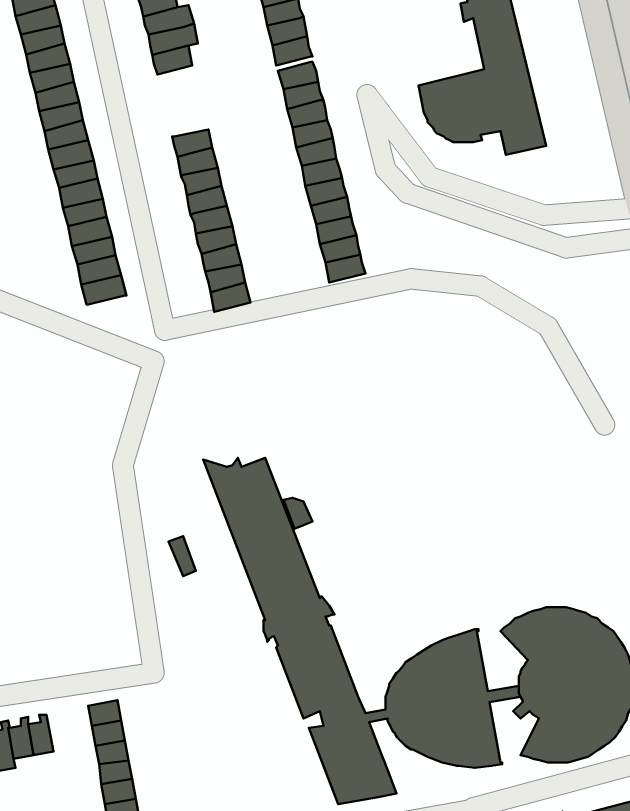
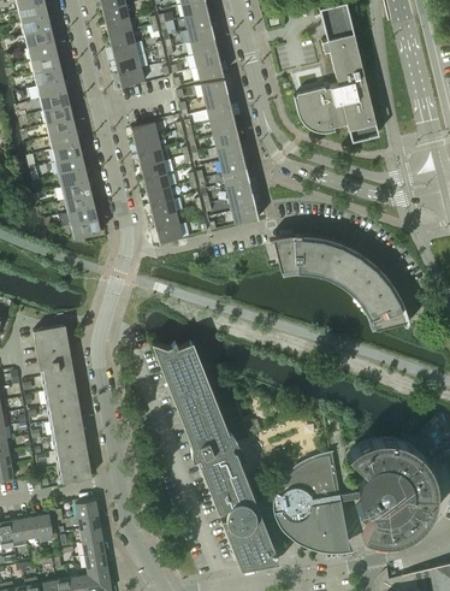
building: none -> [270,235,409,330]
building: none -> [34,325,91,483]

